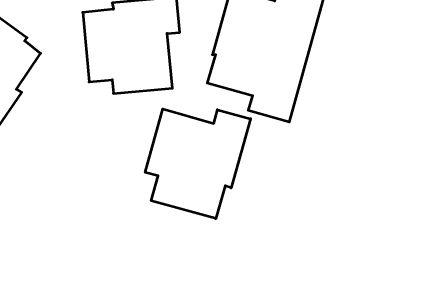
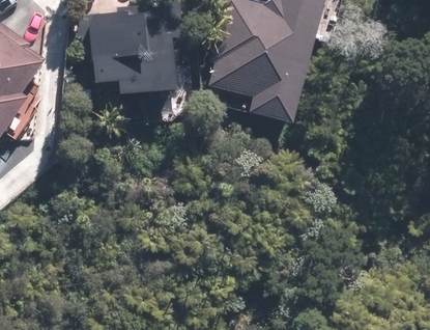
building: [145,109,251,219] -> none

